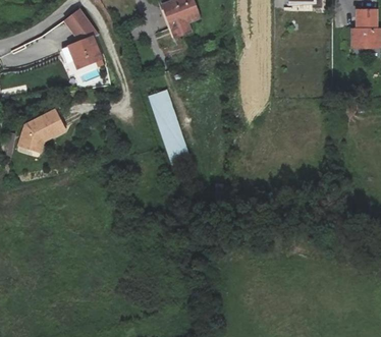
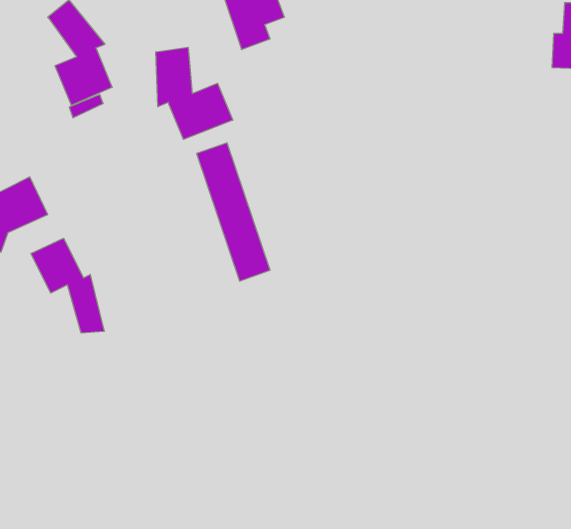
building: none -> [156,47,233,139]
building: none -> [31,238,104,333]

